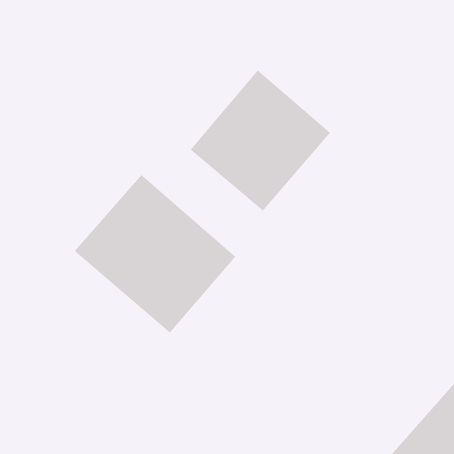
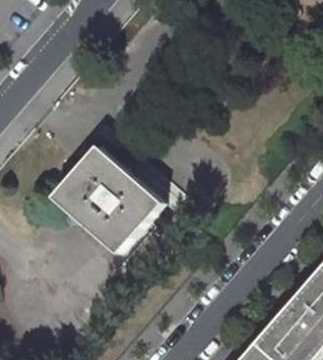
building: [190,70,331,211] -> none

